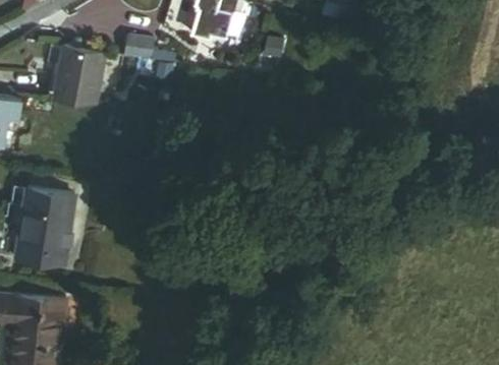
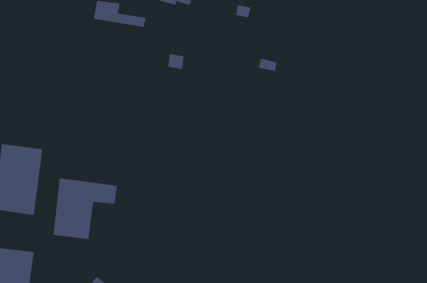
building: [57,44,105,104] -> none
building: none -> [53,178,117,240]

